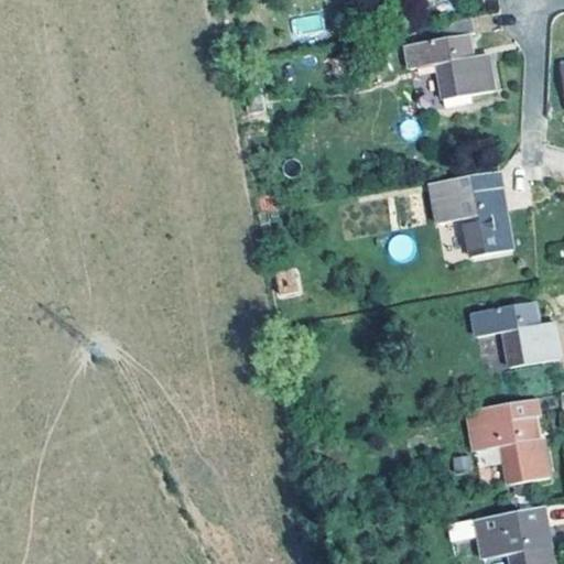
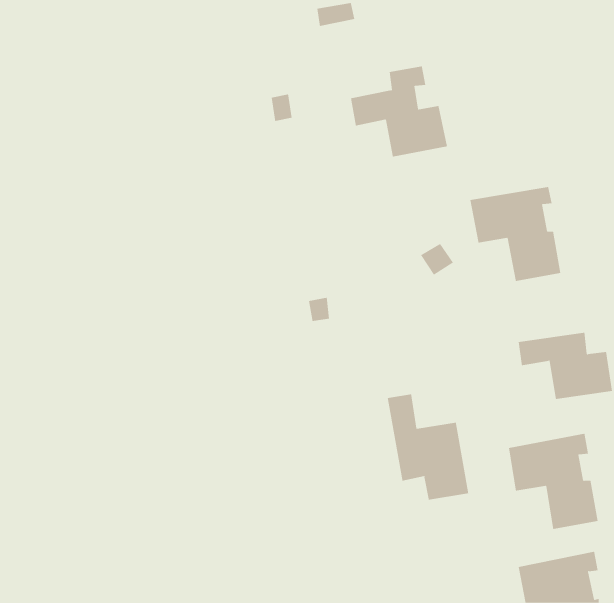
building: [408,14,497,98] -> [350,66,448,157]
building: none -> [387,393,469,501]

